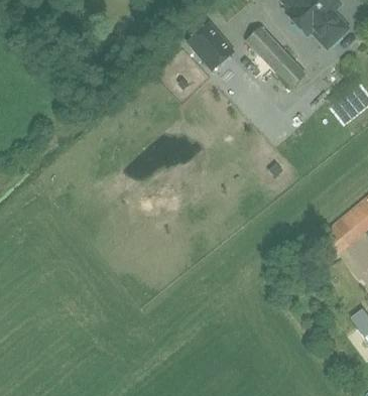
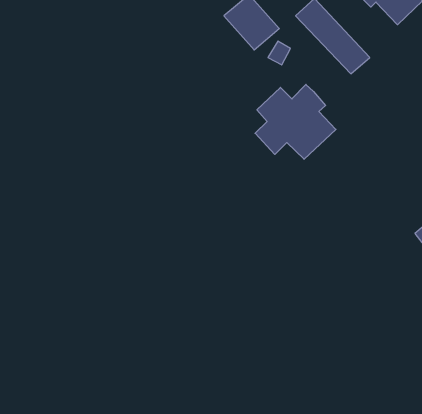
building: none -> [255,84,336,159]

